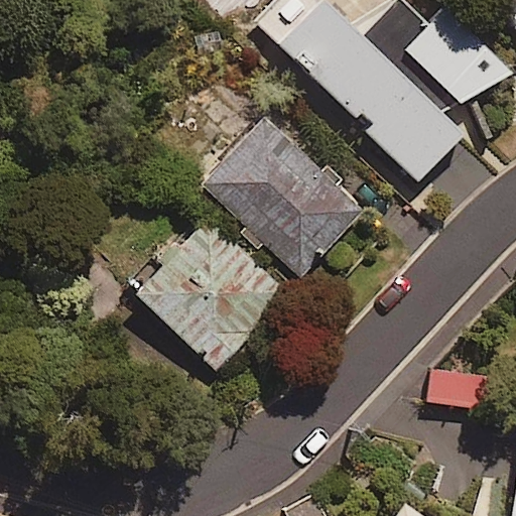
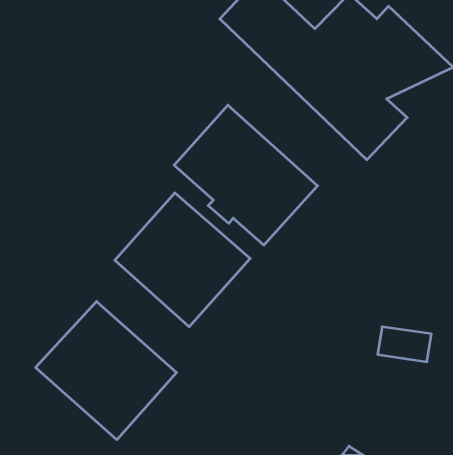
building: none -> [36,301,177,440]

